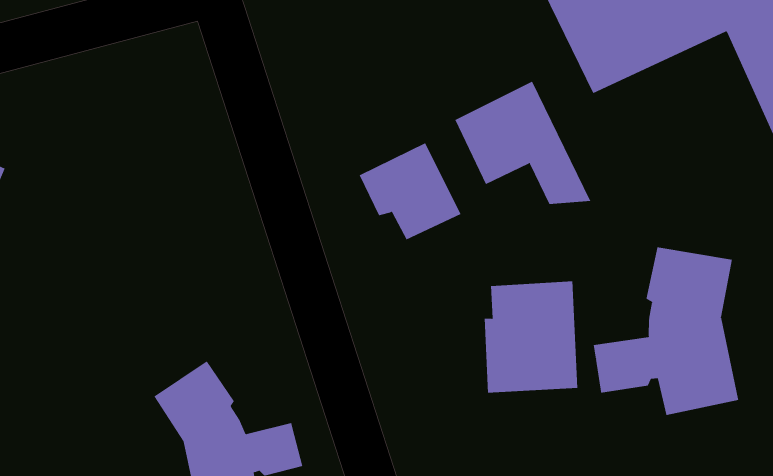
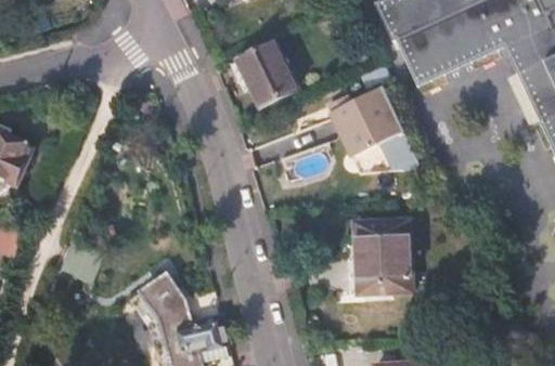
building: [359,143,461,240] -> [230,39,298,104]
building: [593,247,739,416] -> none

